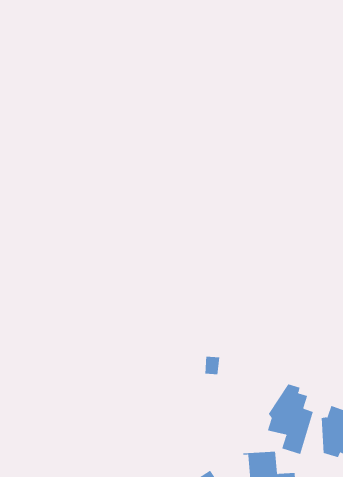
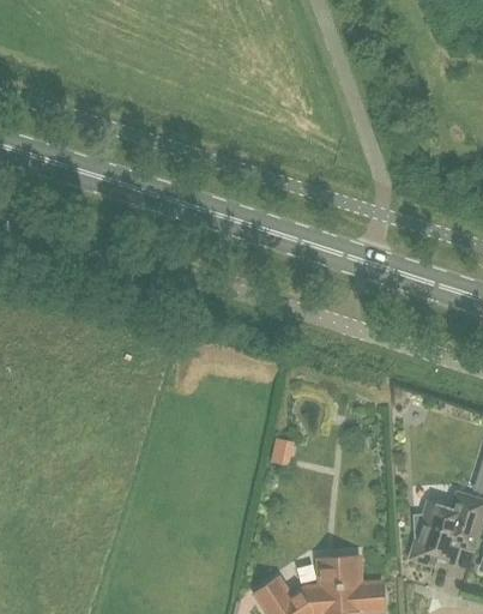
building: [267,383,314,455] -> none

